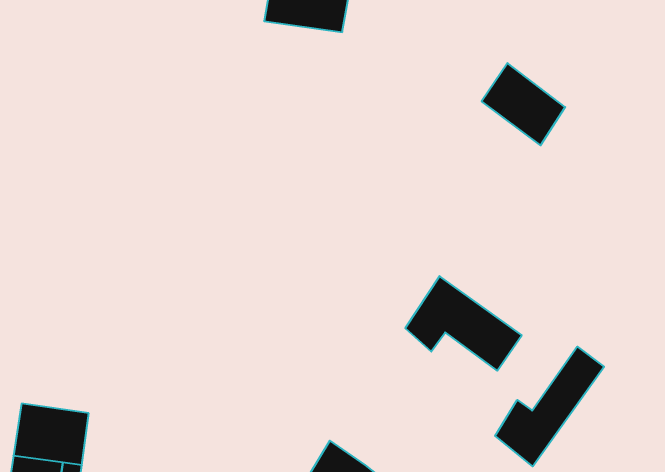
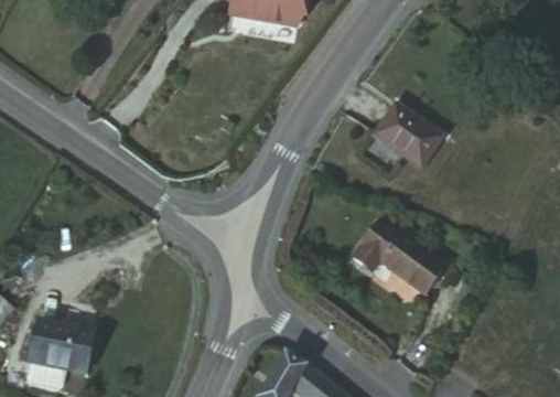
building: [482,63,565,145] -> [374,103,441,169]
building: [495,347,604,466] -> none

